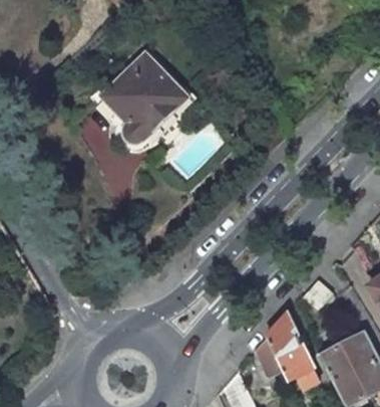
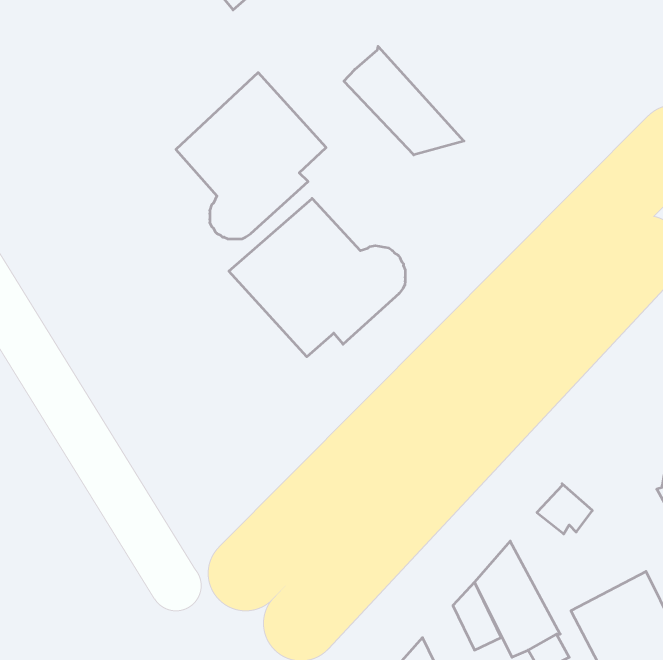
building: none -> [344,46,464,155]
building: none -> [229,198,405,357]

